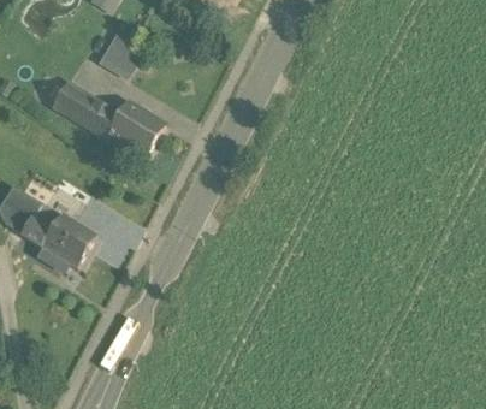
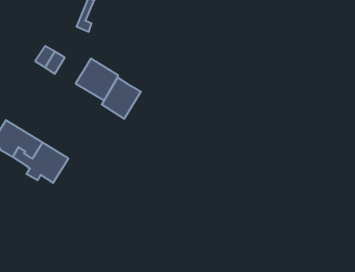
building: [77,100,117,138] -> none
building: none -> [102,78,141,119]

